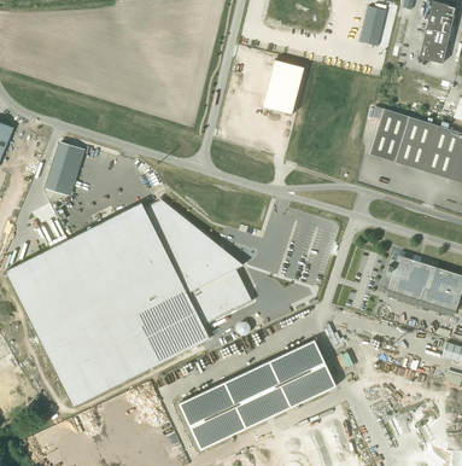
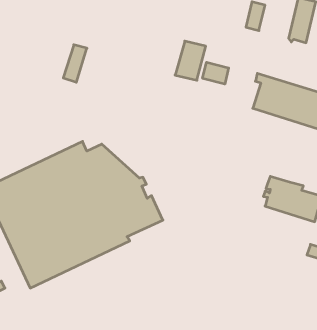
building: none -> [203,62,229,84]
building: [48,142,81,194] -> [63,45,87,82]
building: [181,339,338,449] -> none

